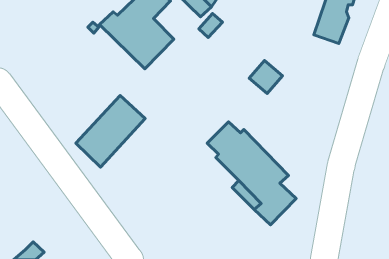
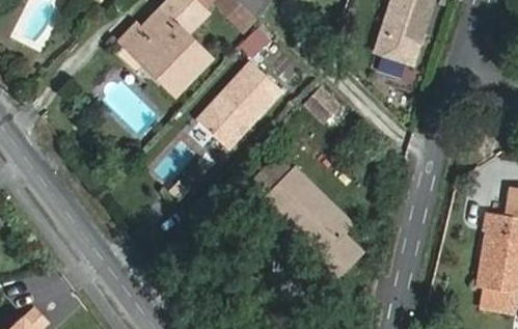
building: [76,96,145,167] -> [198,62,282,149]

